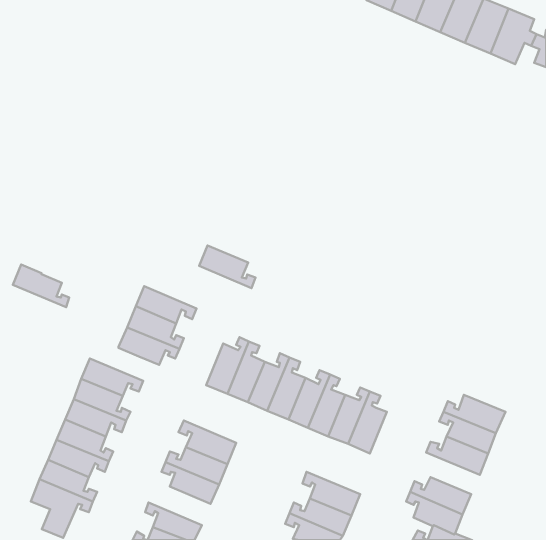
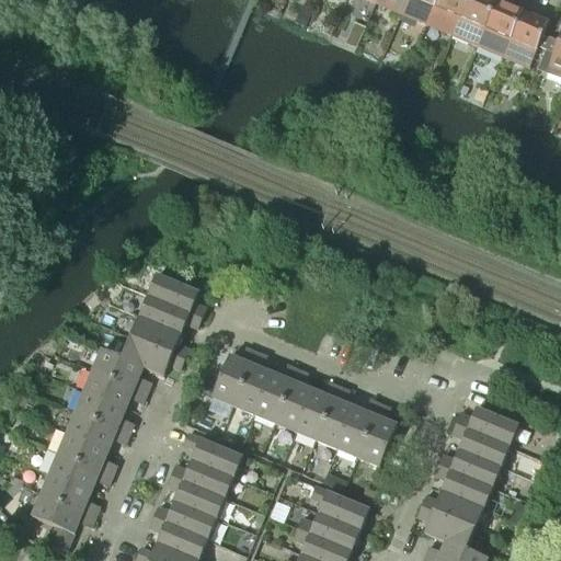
building: [199,246,256,288] -> [148,273,206,317]
building: [13,265,69,307] -> [92,347,150,391]
building: none -> [434,465,492,507]
building: none -> [152,500,216,539]

